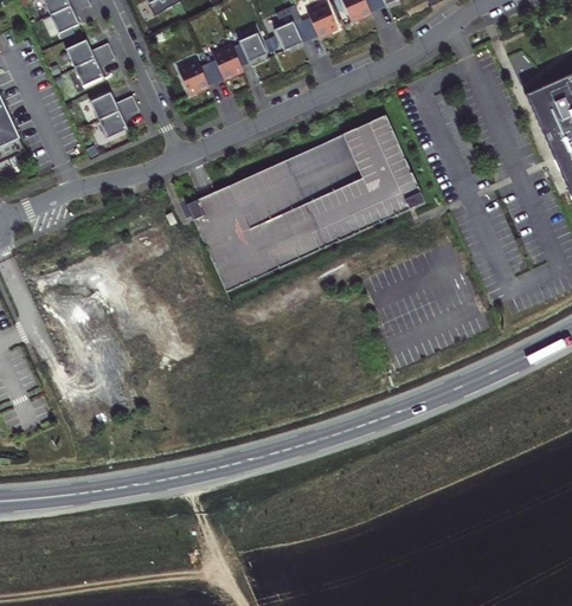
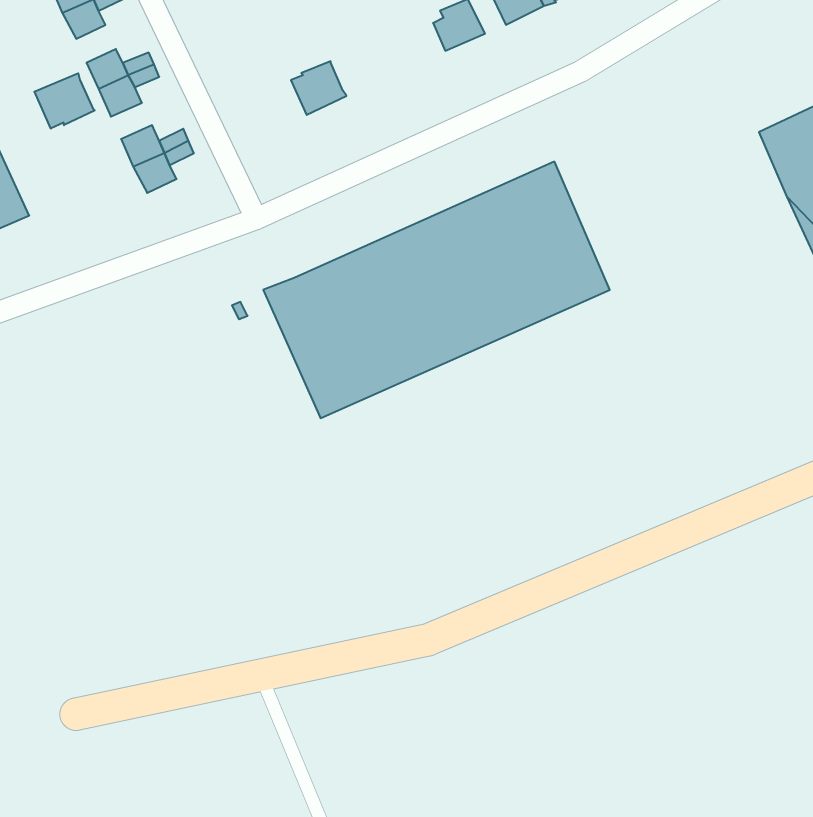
building: [275,20,310,51] -> none
building: [232,33,266,66] -> none
building: none -> [34,73,95,129]
building: [178,59,216,95] -> none

